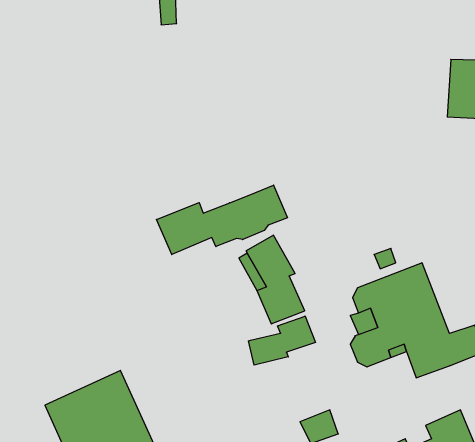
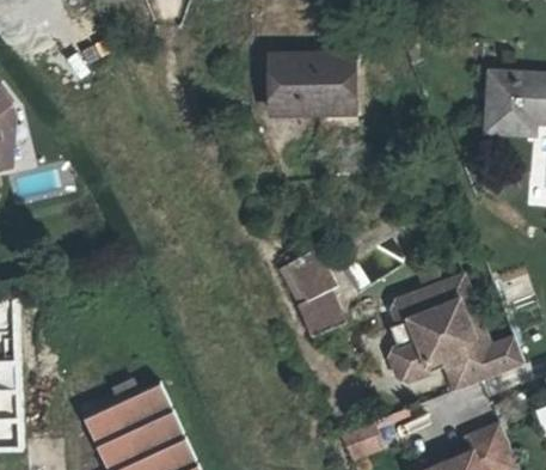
building: none -> [270,54,351,112]
building: [156,185,287,255] -> none
building: [248,316,315,365] -> none

